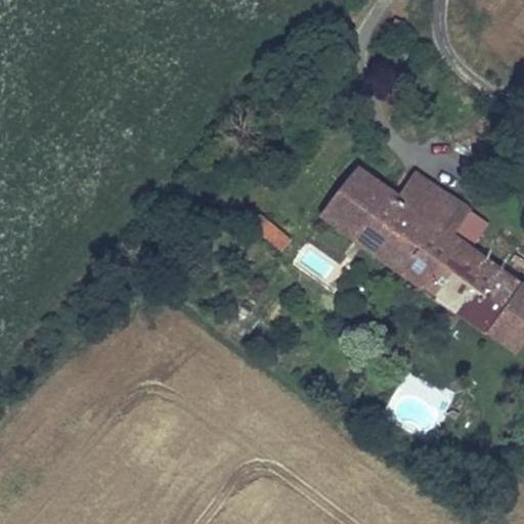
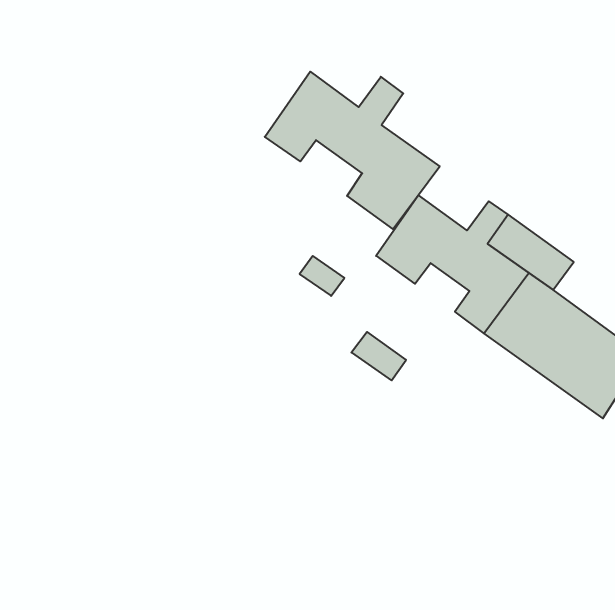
building: none -> [265,72,440,229]
building: [354,222,400,263] -> [351,332,406,380]

